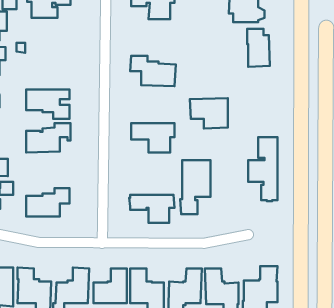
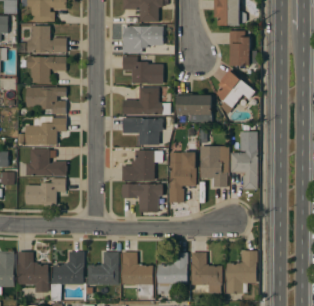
building: none -> [26,25,66,52]
building: none -> [122,26,163,53]
building: none -> [26,56,65,82]
building: none -> [215,70,256,107]
building: none -> [122,87,170,114]
building: none -> [199,146,228,188]
building: none -> [25,148,66,176]
building: none -> [121,150,163,180]

